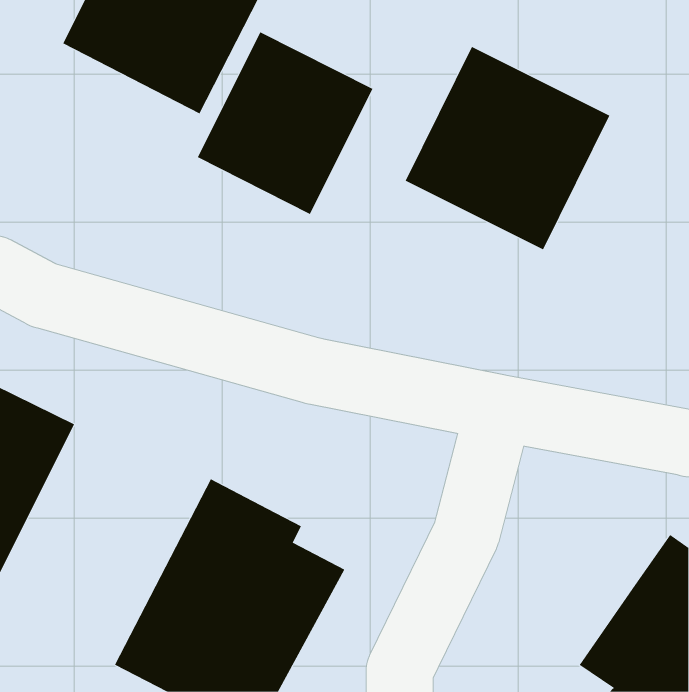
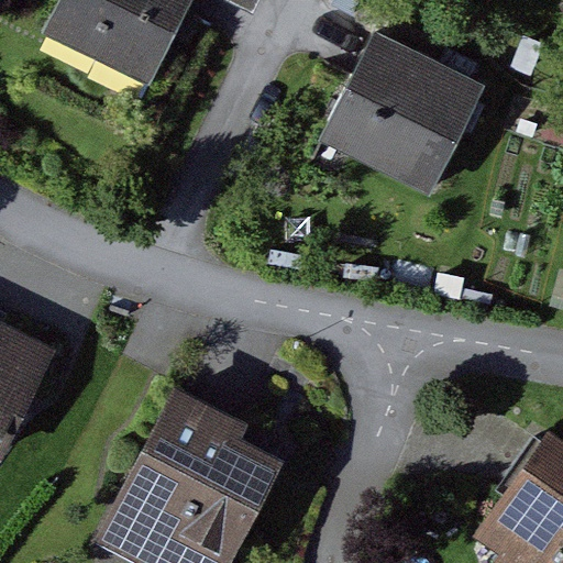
building: [197,31,373,215] -> none

